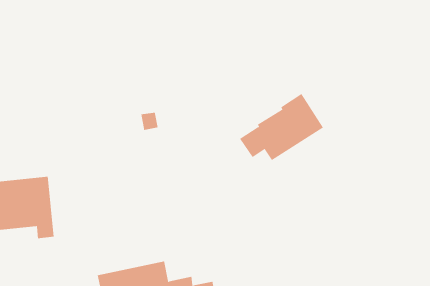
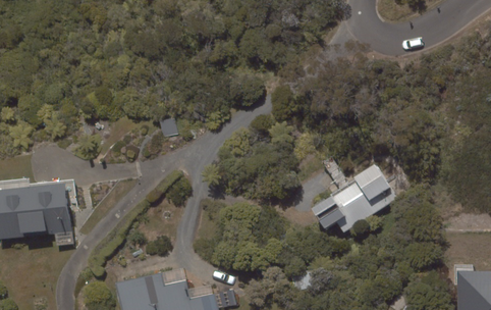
building: [239,93,324,161] -> [312,163,397,231]

